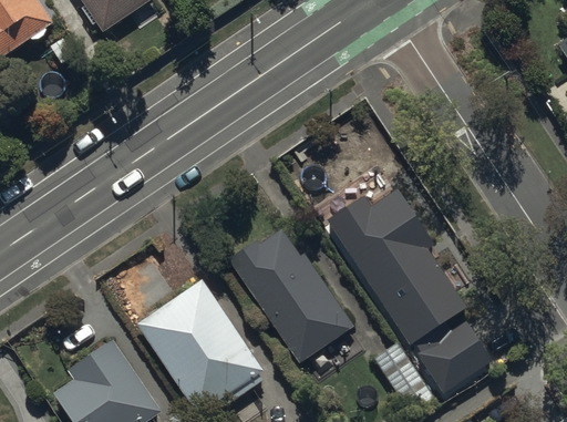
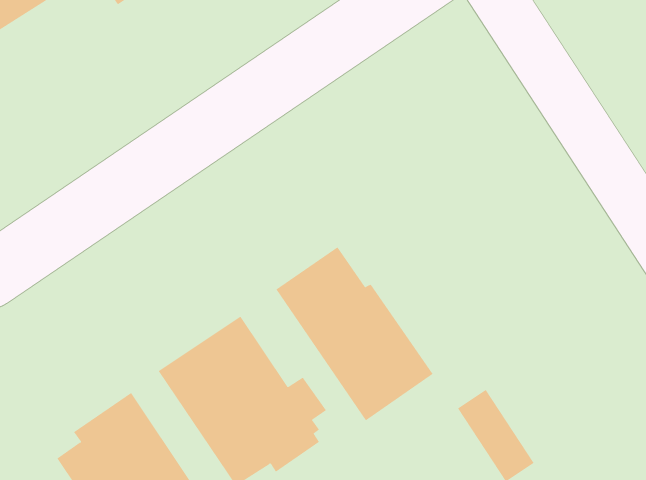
building: [323,187,466,343] -> none
building: [416,320,492,392] -> none

